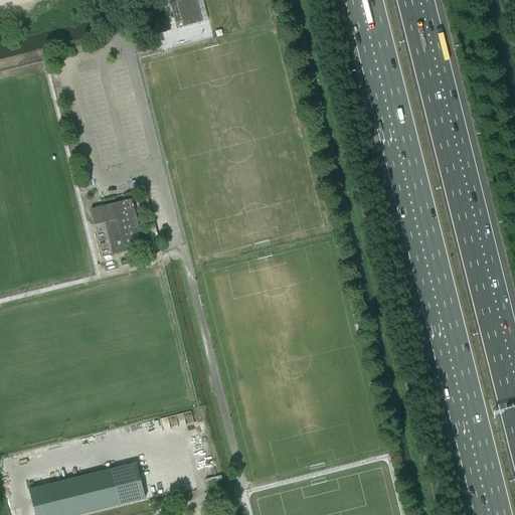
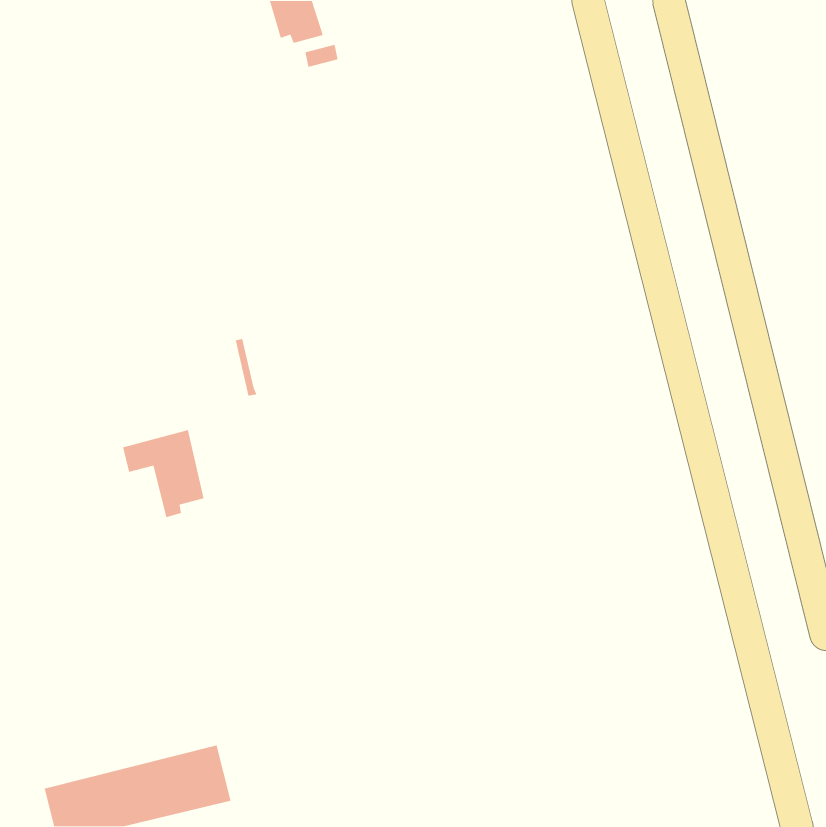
building: [90,198,141,253] -> [122,429,205,518]

